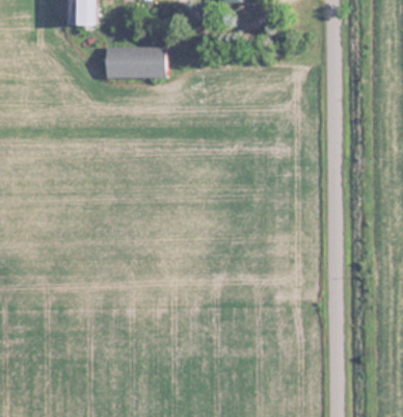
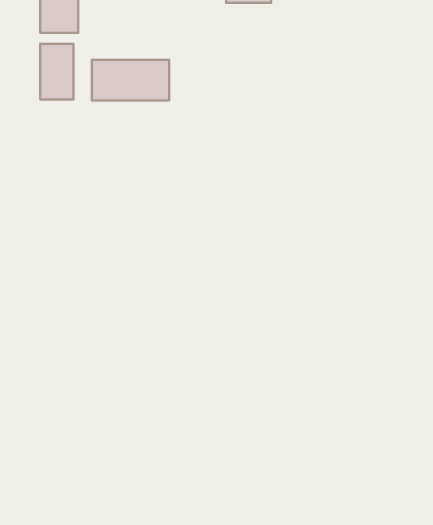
building: none -> [40,44,74,100]

